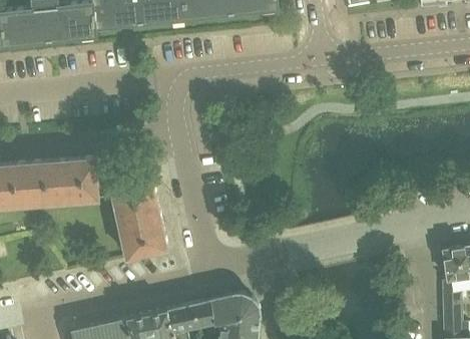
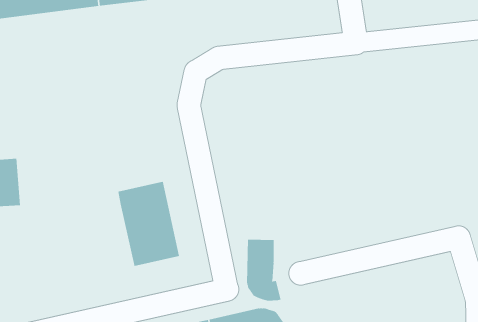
building: [25,160,98,207] -> none
building: none -> [247,239,281,302]

